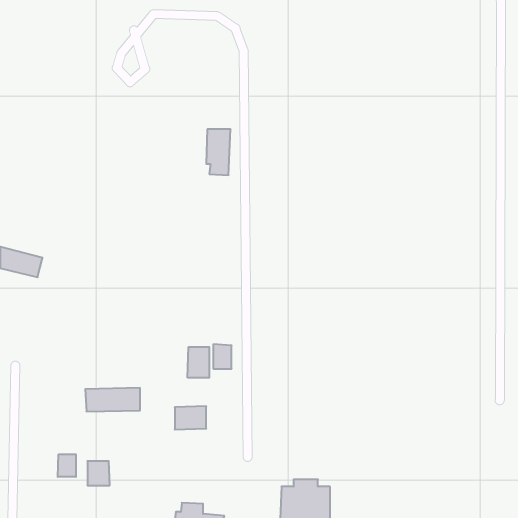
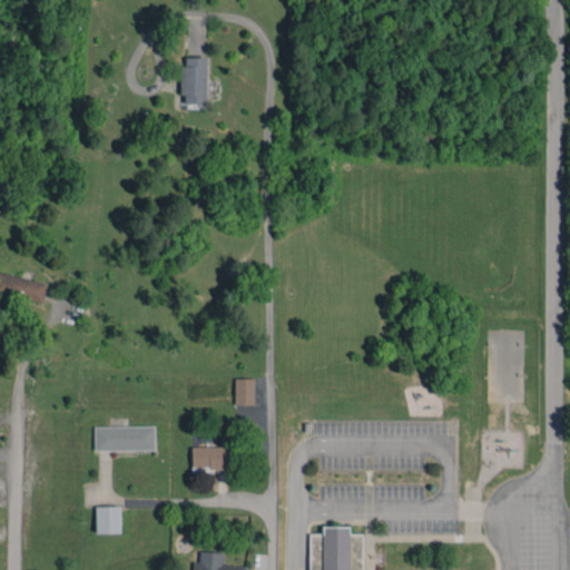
building: [206,129,231,175] -> [181,58,208,108]
building: [188,347,209,378] -> none
building: [58,454,76,477] -> none

